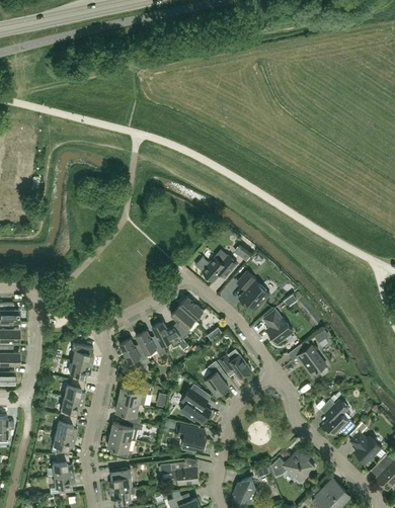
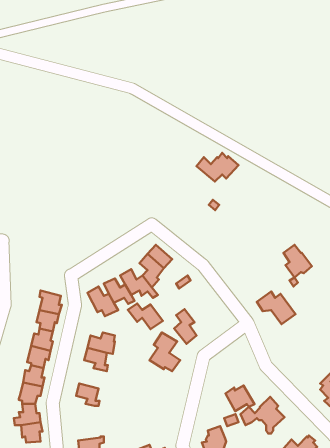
building: [195,252,237,280] -> [197,153,238,182]
building: [237,271,270,310] -> none
building: [264,310,293,342] -> [283,245,312,277]
building: [218,353,252,378] -> [128,304,163,329]
building: [324,400,354,434] -> none
building: [111,419,144,440] -> none
building: [178,424,207,452] -> none
building: none -> [226,386,255,411]
building: [159,461,200,484] -> none
building: [109,468,133,491] -> none

